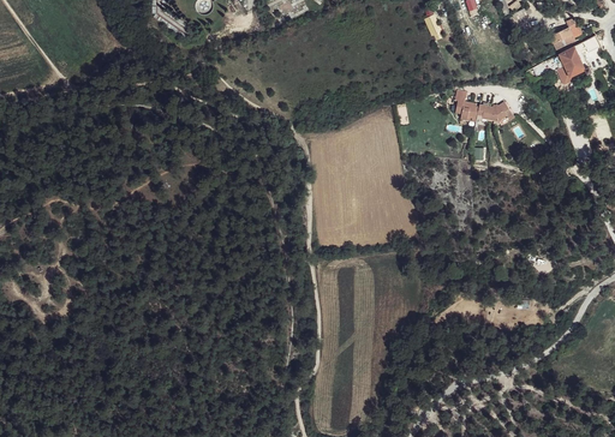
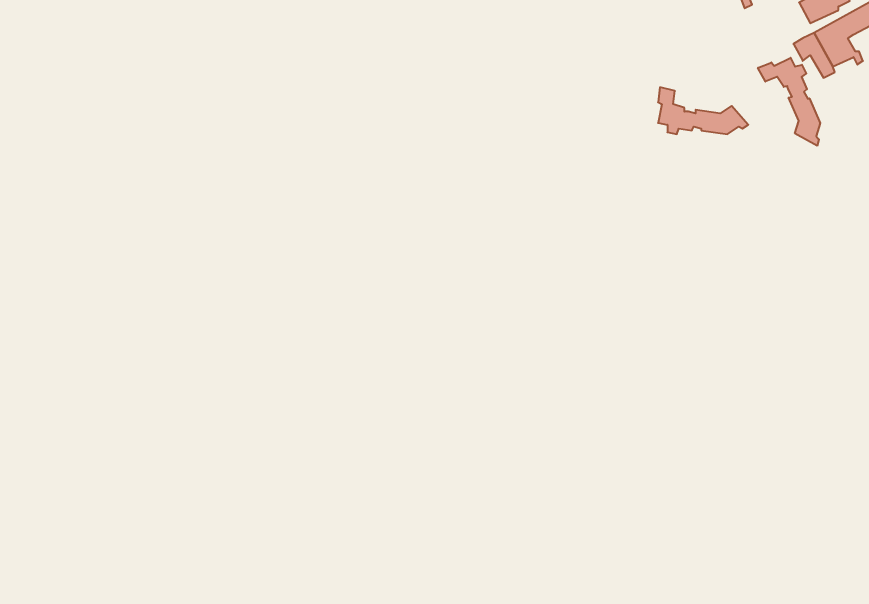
building: none -> [758,58,820,146]

